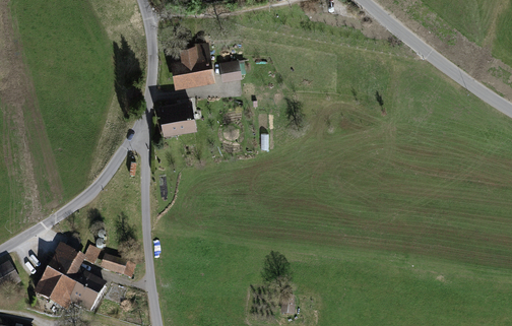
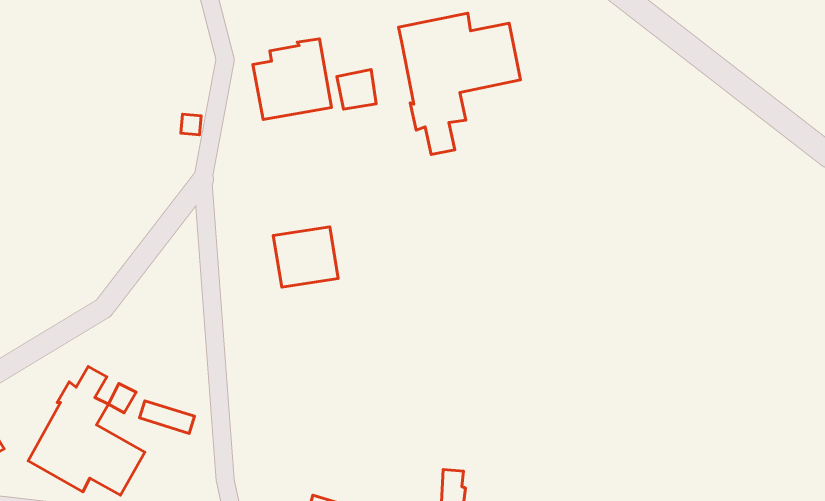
building: none -> [399,13,520,154]
building: [157,101,196,136] -> [273,227,338,287]

